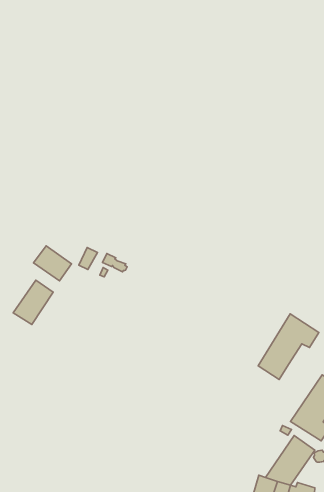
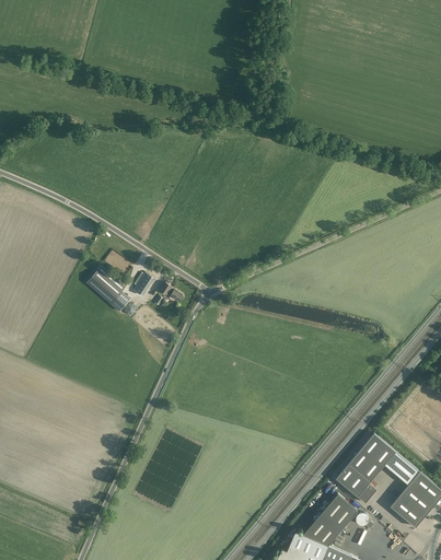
building: [13,280,53,324] -> none
building: [258,314,319,380] -> none

